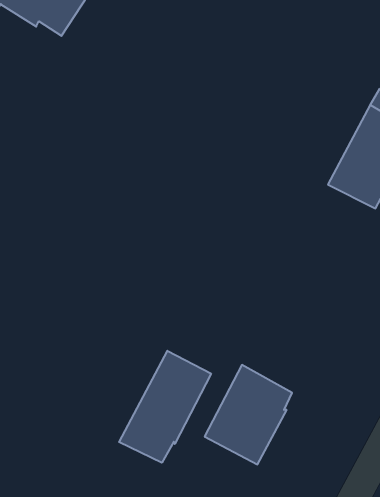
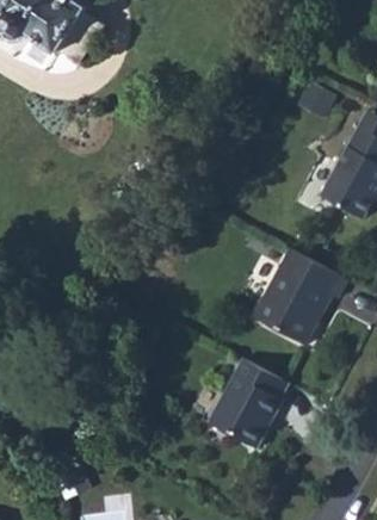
building: none -> [252,248,347,343]
building: [119,351,211,463] -> none

